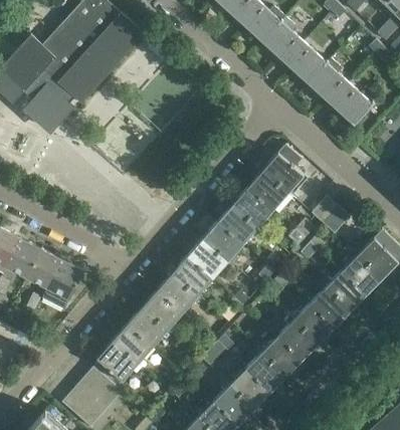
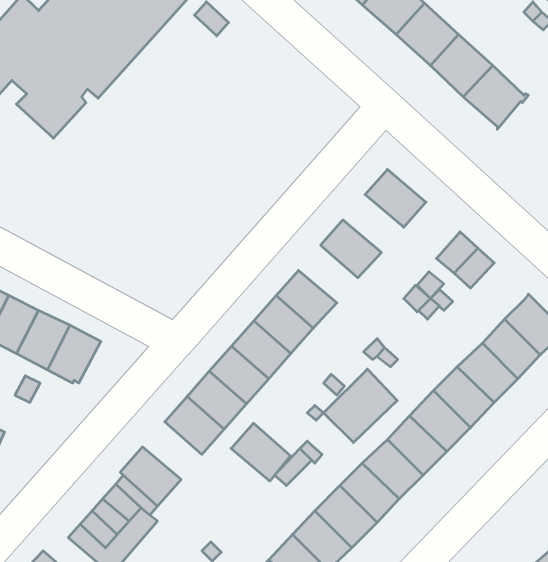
building: [247,171,288,210] -> none
building: [217,205,257,244] -> none
building: none -> [324,369,397,443]
building: [112,325,152,364] -> [231,423,290,481]

